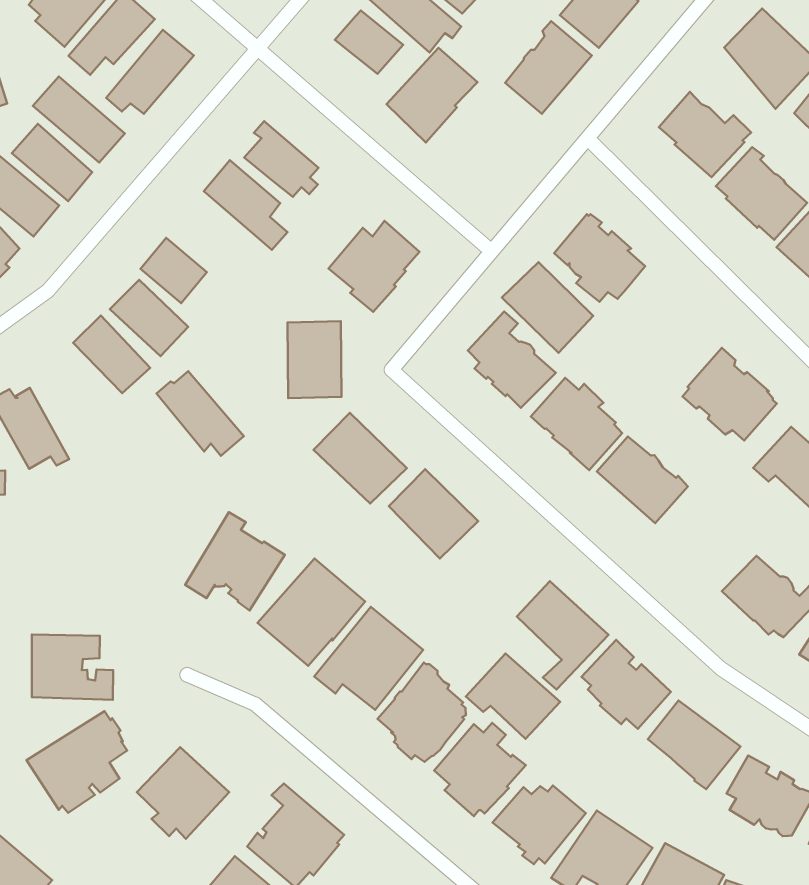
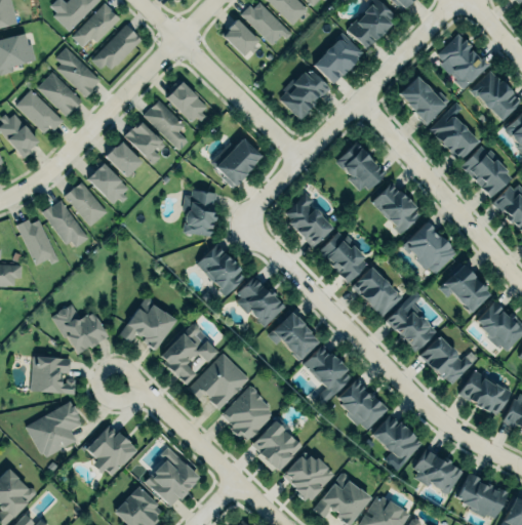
building: [387,48,477,142] -> [279,68,330,120]
building: none -> [125,122,166,164]
building: [502,262,593,353] -> [371,183,421,234]
building: [156,371,244,456] -> [43,200,90,248]
building: none -> [385,299,438,354]
building: none -> [52,304,109,354]
building: [466,653,560,739] -> [268,313,320,361]

